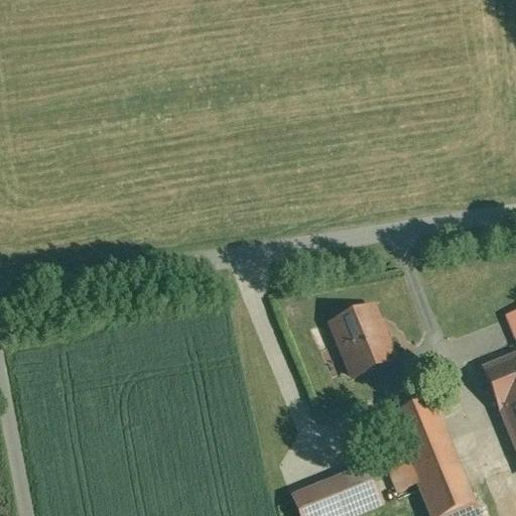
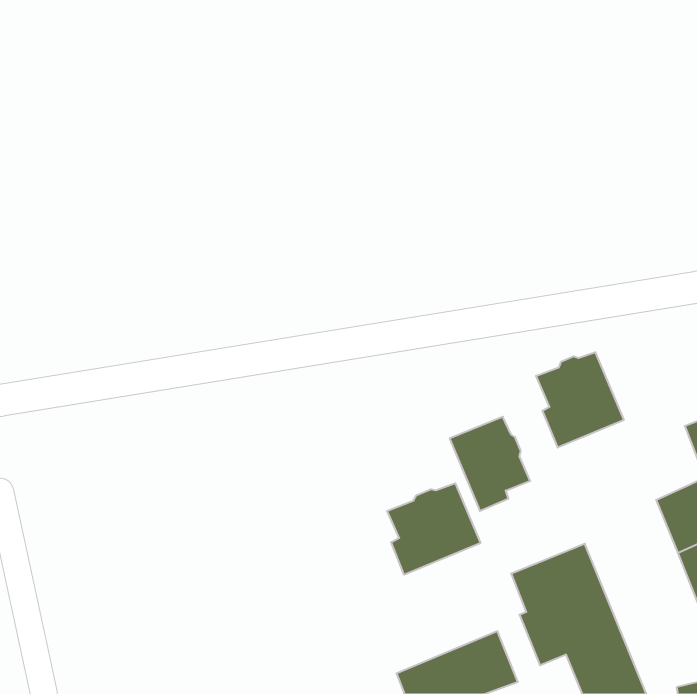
building: none -> [536,352,624,448]
building: none -> [387,483,480,575]

